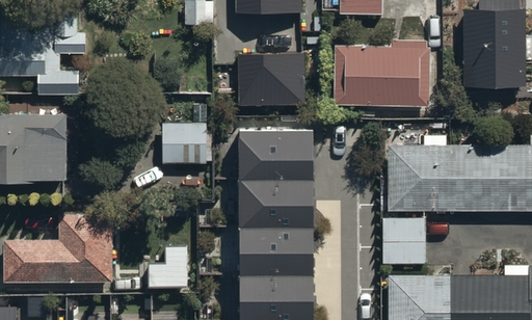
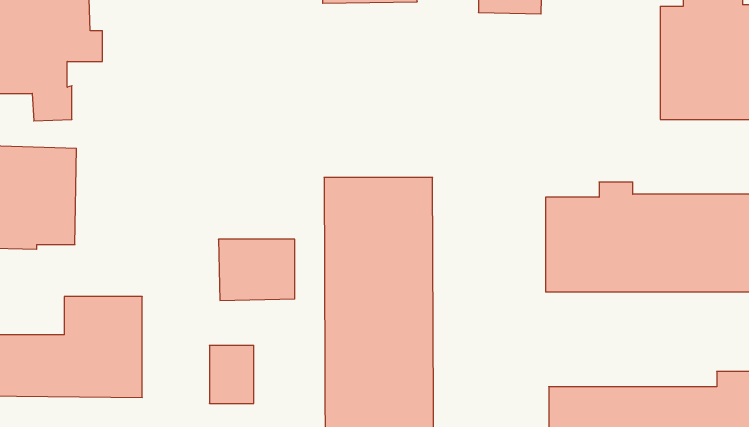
building: [334,39,428,106] -> none
building: [238,56,302,107] -> none
building: [162,122,214,163] -> [218,239,295,300]
building: [382,217,425,264] -> none

